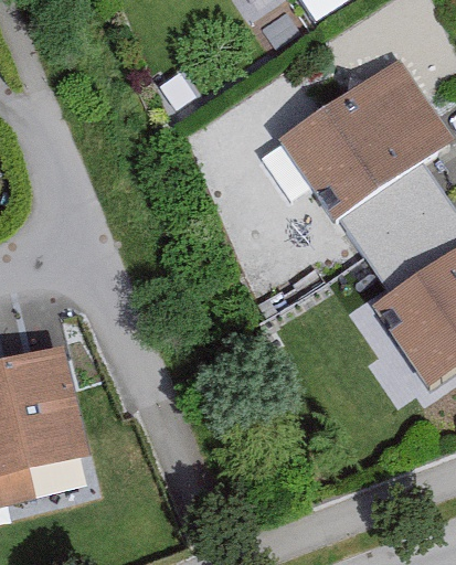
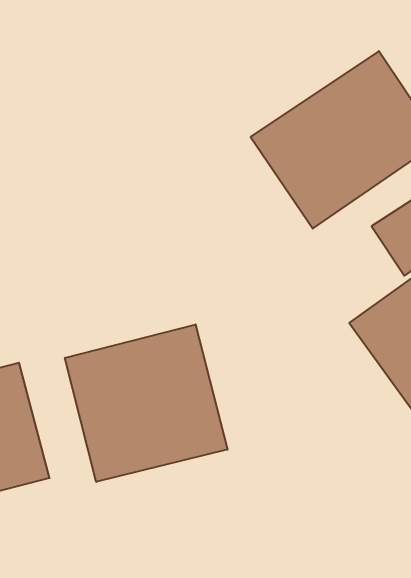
building: none -> [65,324,228,482]

